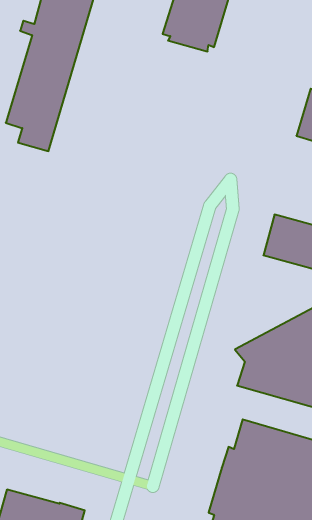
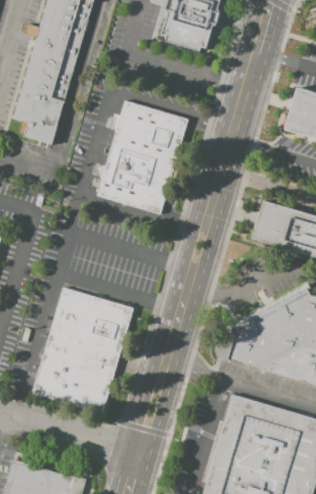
building: none -> [96,99,188,213]
building: none -> [33,286,134,413]

